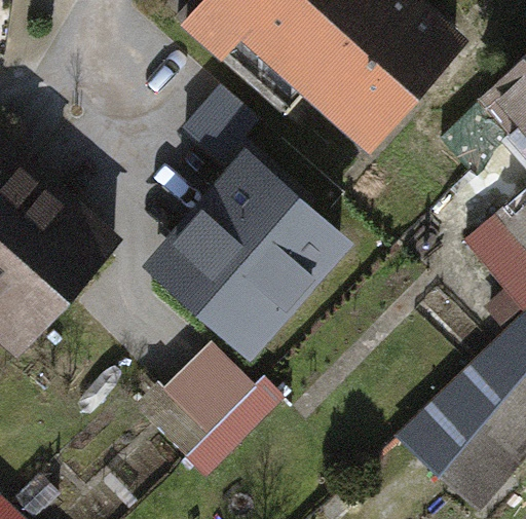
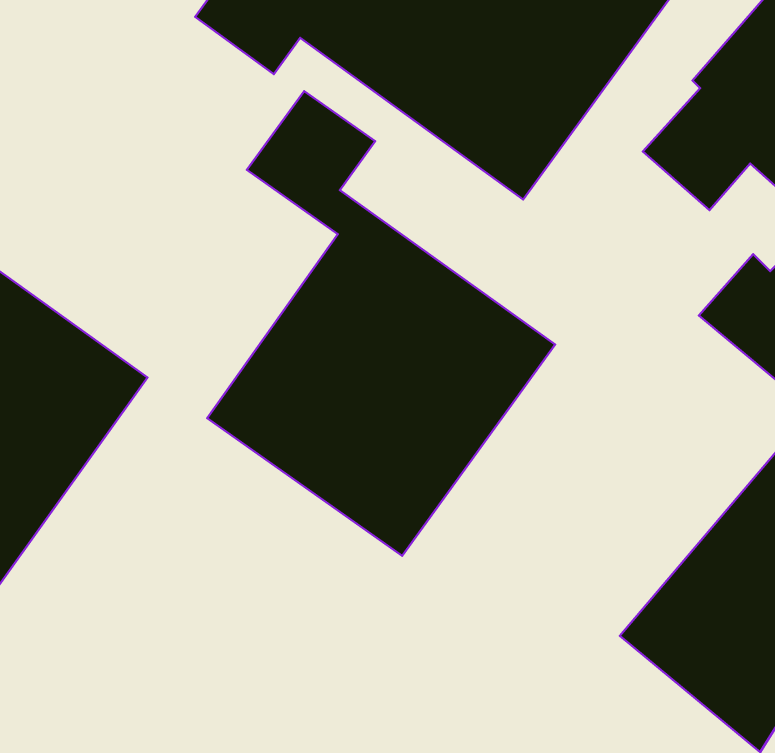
building: [145,344,279,480] -> none

